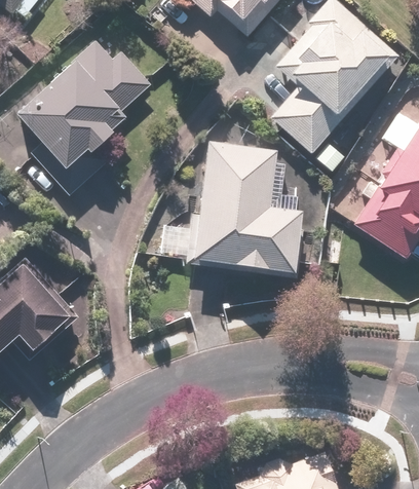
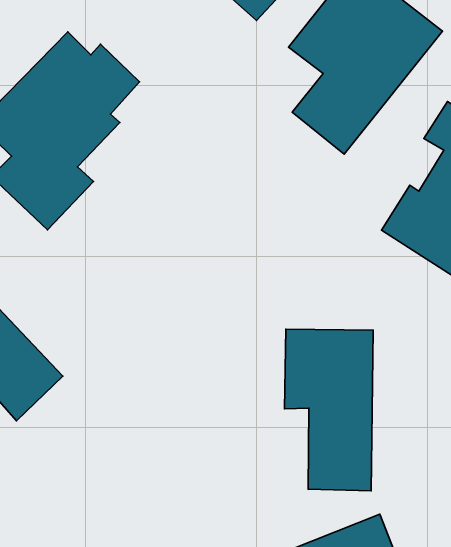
building: [187,144,302,271] -> none
building: none -> [284,329,373,491]

